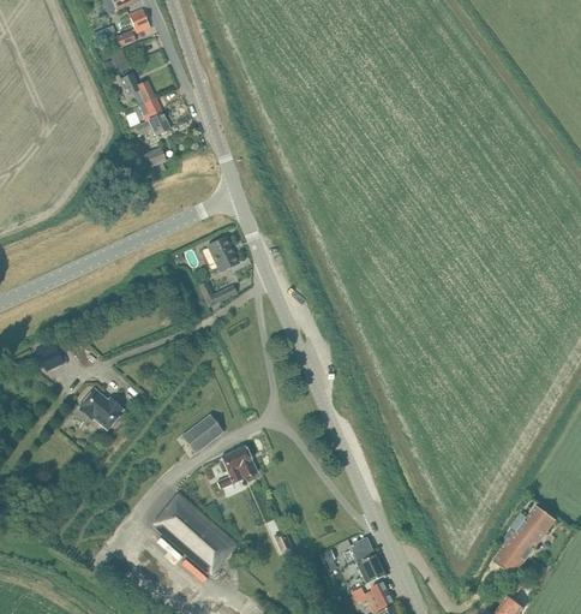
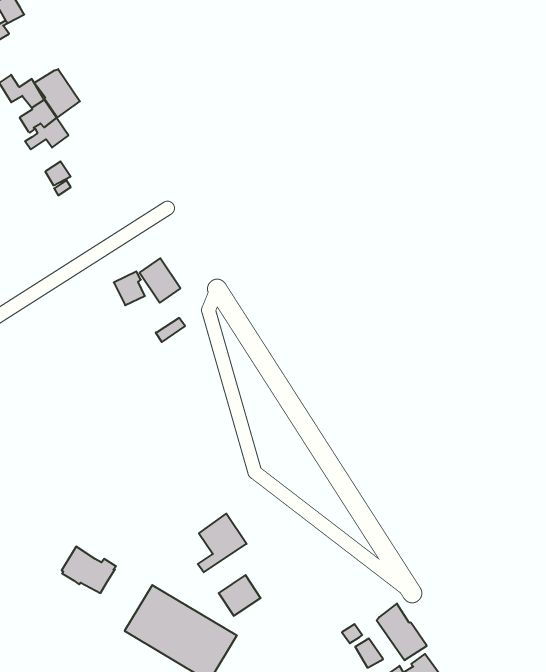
building: none -> [34,69,80,117]
building: [79,389,122,429] -> [62,547,116,593]
building: [181,415,223,454] -> none
building: none -> [219,575,261,616]

